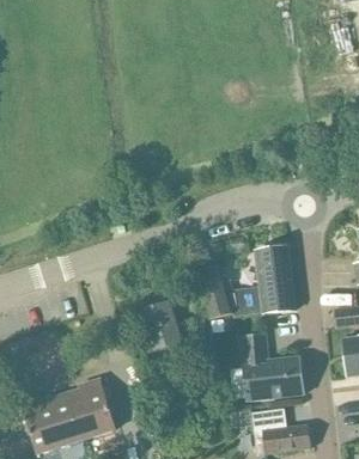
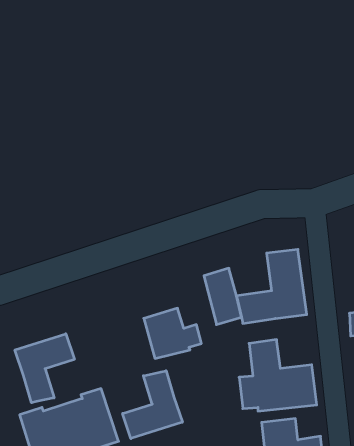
building: none -> [15,334,74,403]
building: none -> [123,371,182,439]

